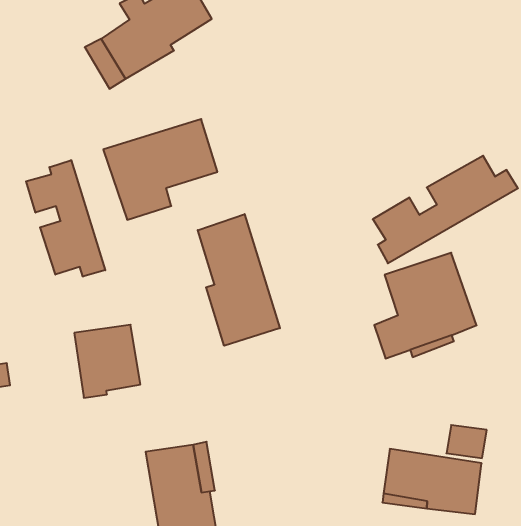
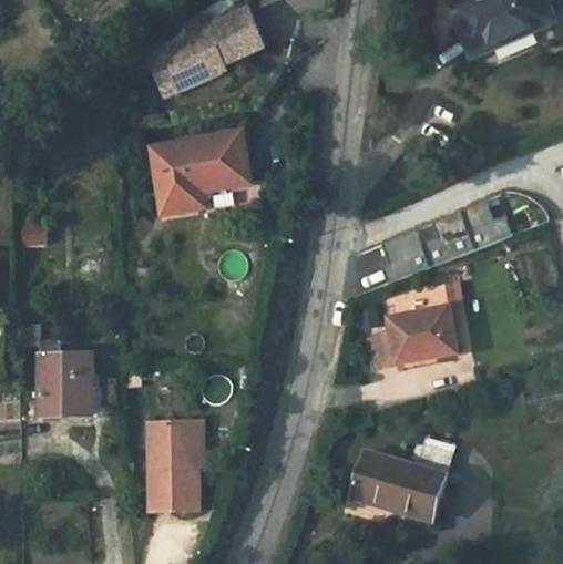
building: [26,160,105,277] -> none
building: [198,214,280,346] -> none
building: [74,325,140,398] -> [39,356,91,414]

